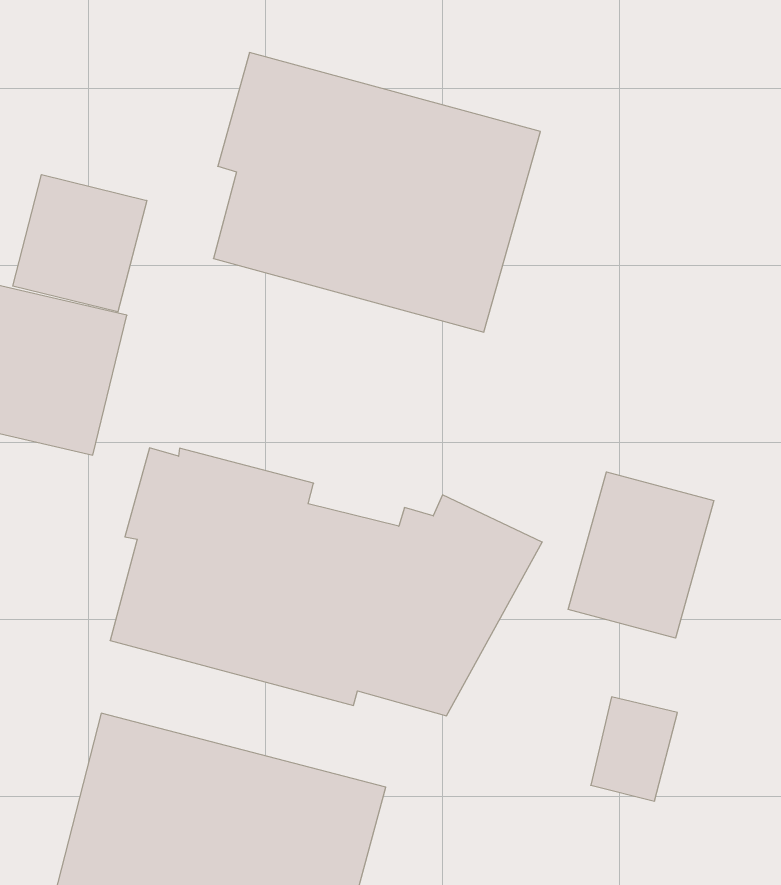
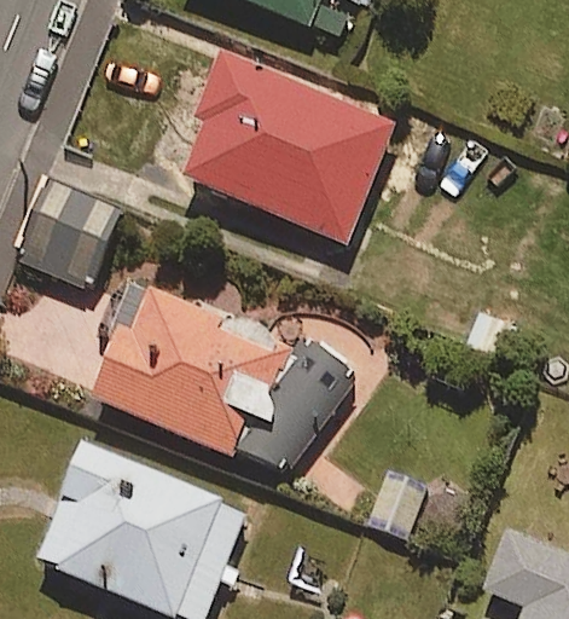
building: [13,175,147,312] -> none
building: [568,472,714,638] -> none

